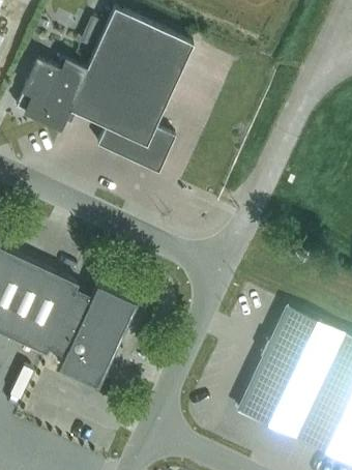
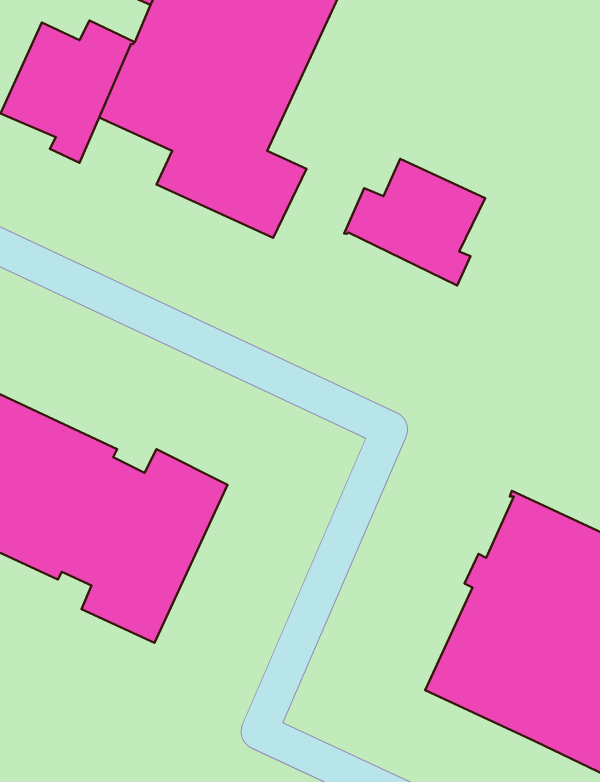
building: none -> [344,159,485,286]

